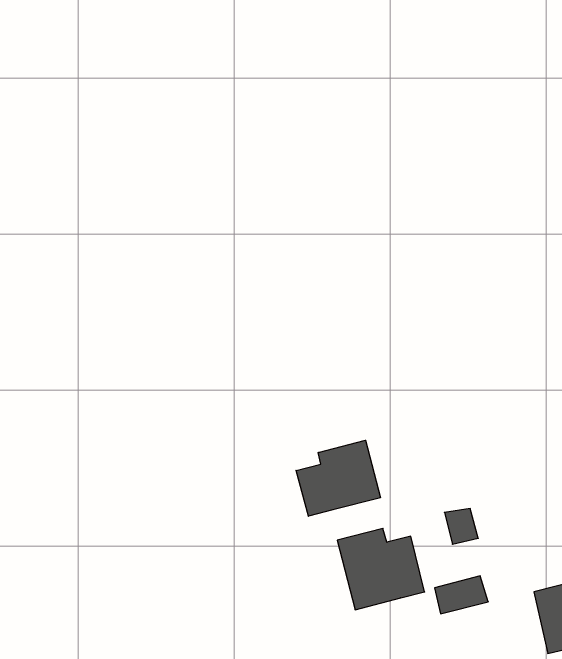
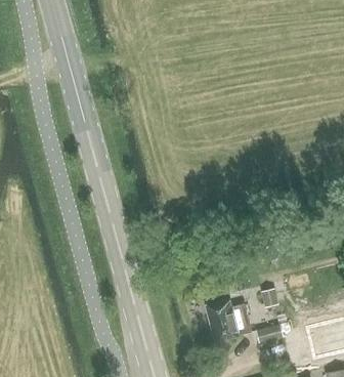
building: [296,440,380,516] -> none

